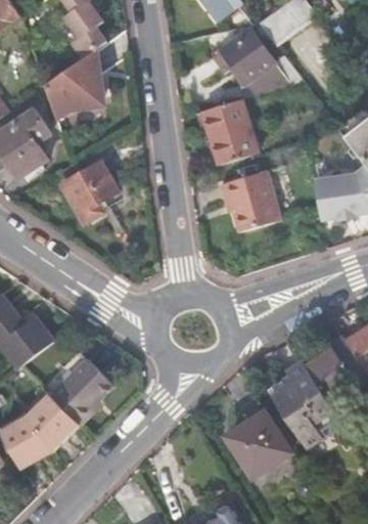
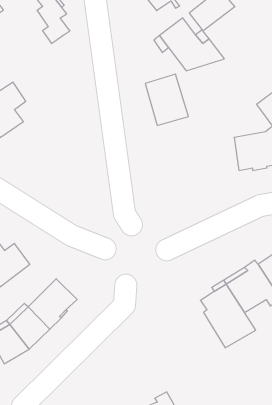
building: [44,48,102,118] -> none
building: [60,160,118,221] -> none
building: [221,168,281,230] -> none
building: [227,412,289,475] -> none

